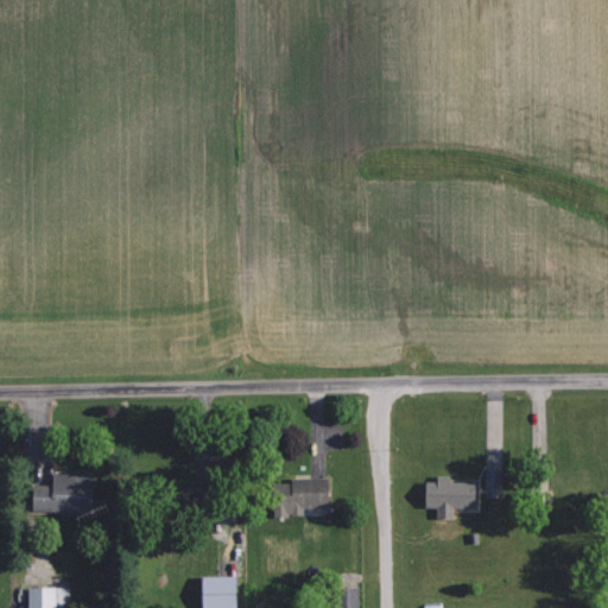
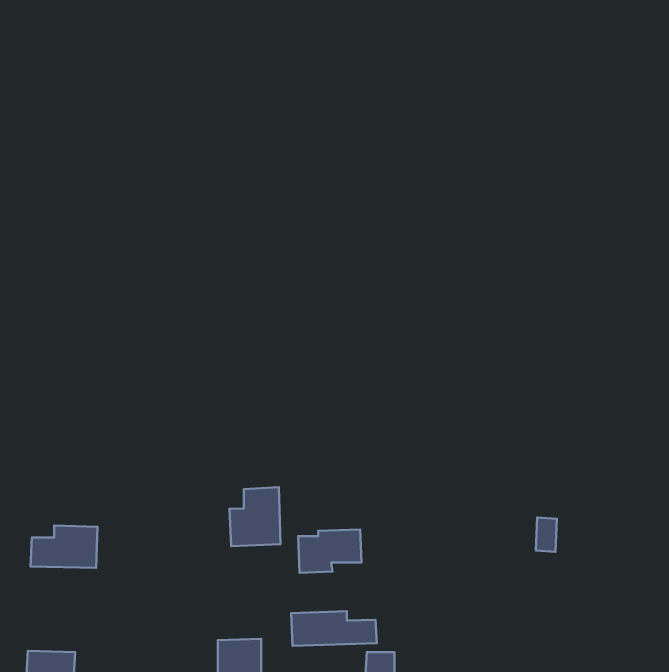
building: none -> [230,487,280,546]
building: [426,476,475,520] -> none
building: none -> [291,611,377,646]

